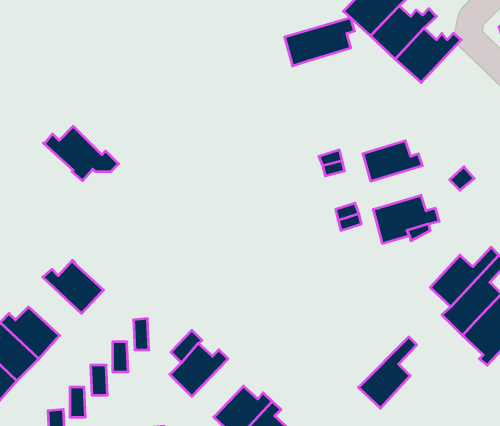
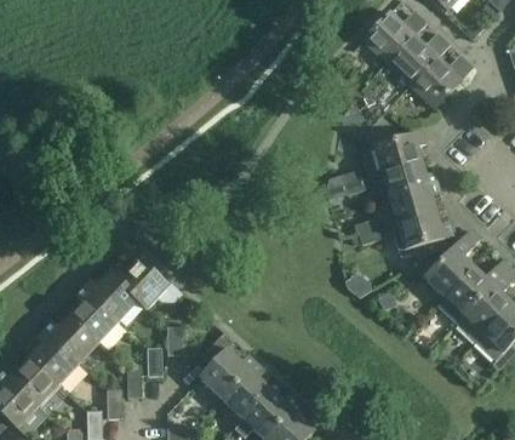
building: [285,18,355,66] -> [360,132,425,177]
building: [43,126,119,181] -> [111,258,182,309]
building: none -> [389,183,441,223]
building: none -> [69,287,119,342]
building: [358,337,417,408] -> [424,230,479,297]
building: none -> [222,364,270,418]

